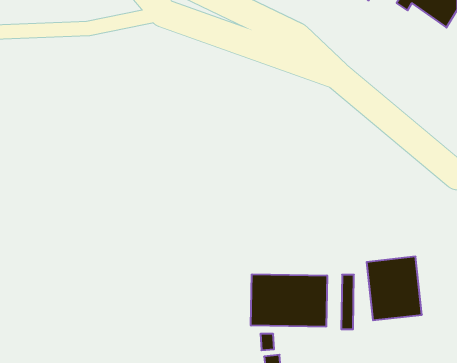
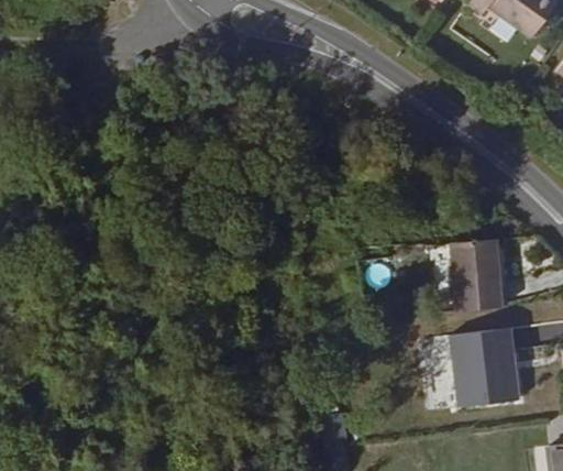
building: none -> [448,239,500,310]
building: [251,274,327,327] -> none

